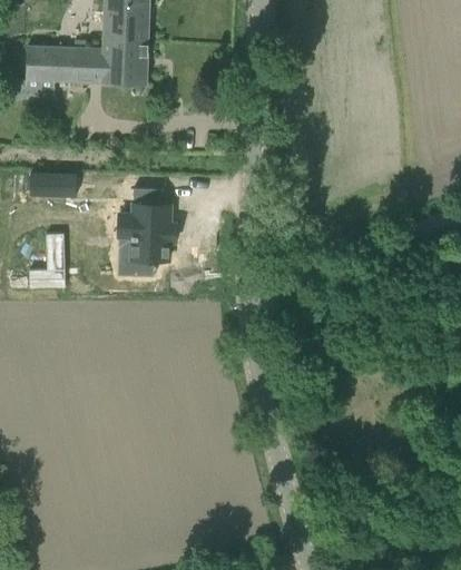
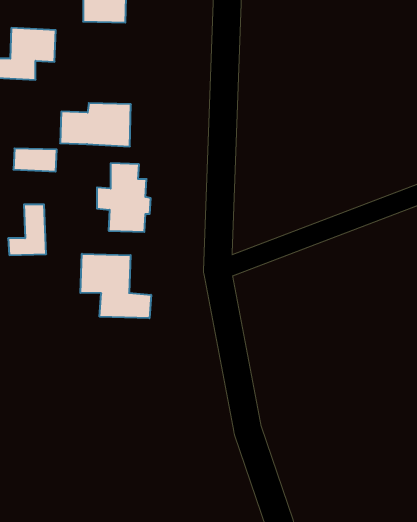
building: [73,40,148,86] -> [60,103,131,146]
building: none -> [80,254,151,318]

